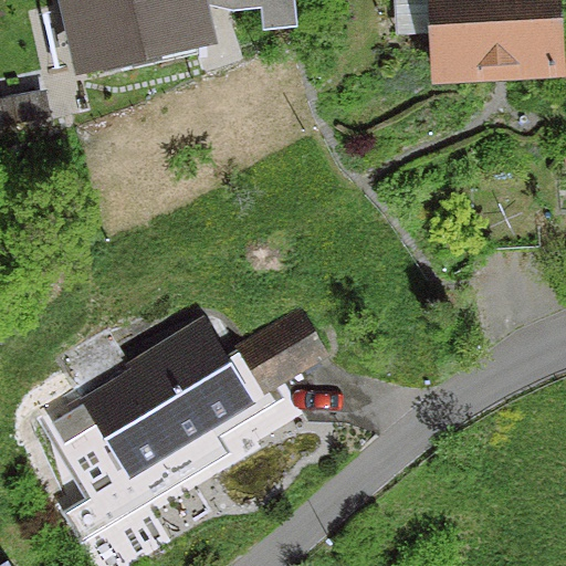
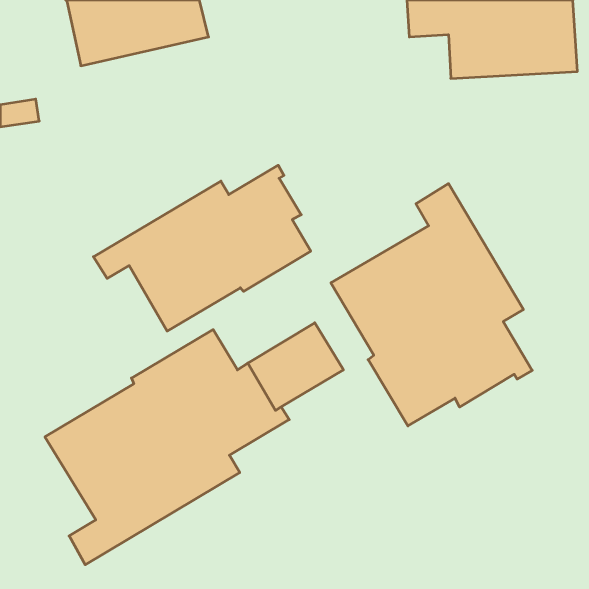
building: none -> [93,165,311,331]
building: none -> [331,184,532,426]

